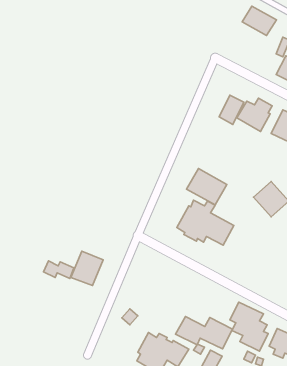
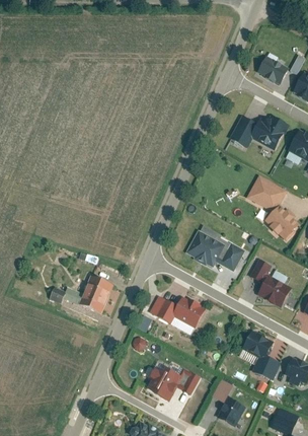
building: [242,6,276,36] -> [253,56,289,86]
building: [187,169,227,205] -> [247,173,289,211]
building: none -> [249,261,292,309]
building: [176,317,232,349] -> [145,295,204,329]

